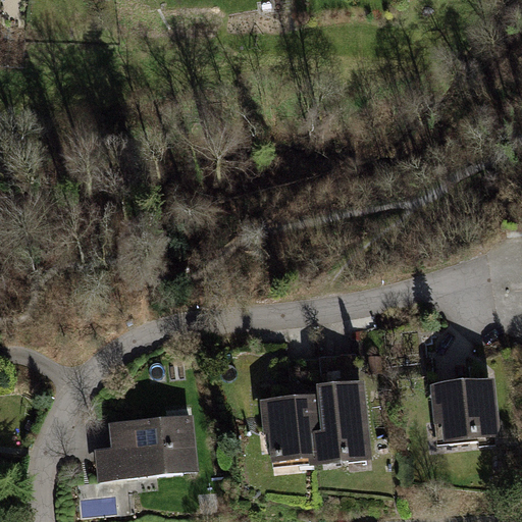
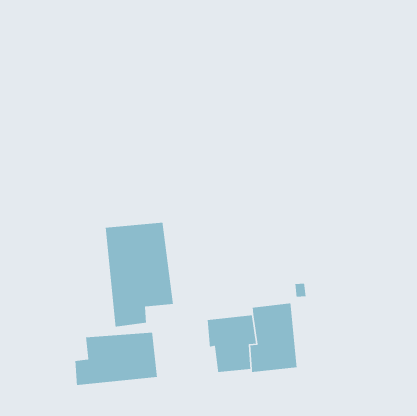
building: none -> [105,222,174,327]
building: [429,375,503,445] -> none

